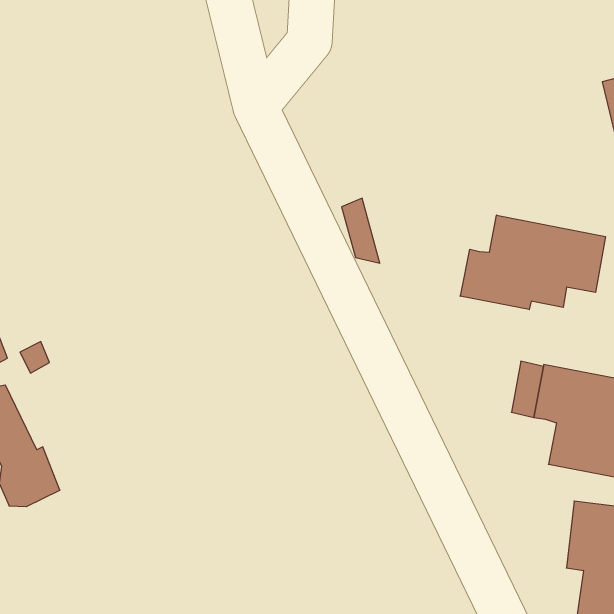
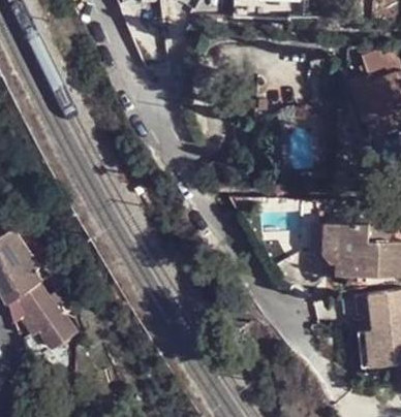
building: [460,215,605,310] -> none

